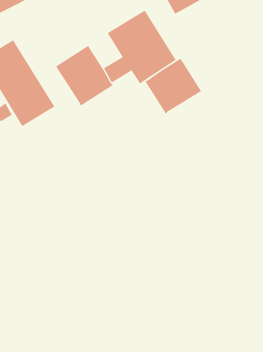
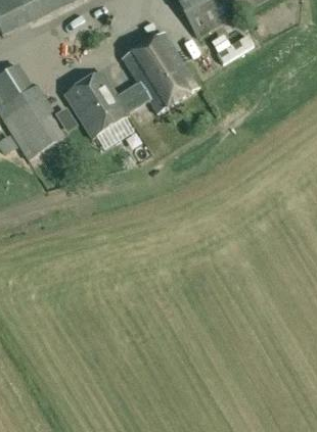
building: [145,58,202,115] -> none

